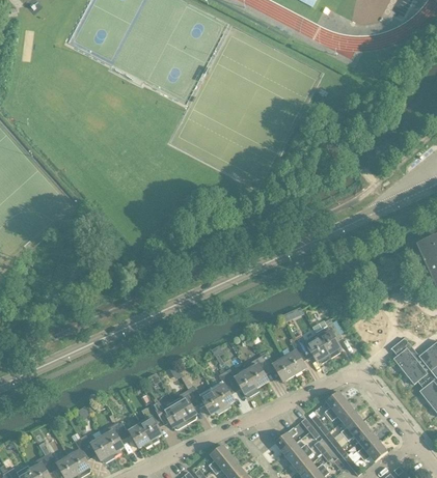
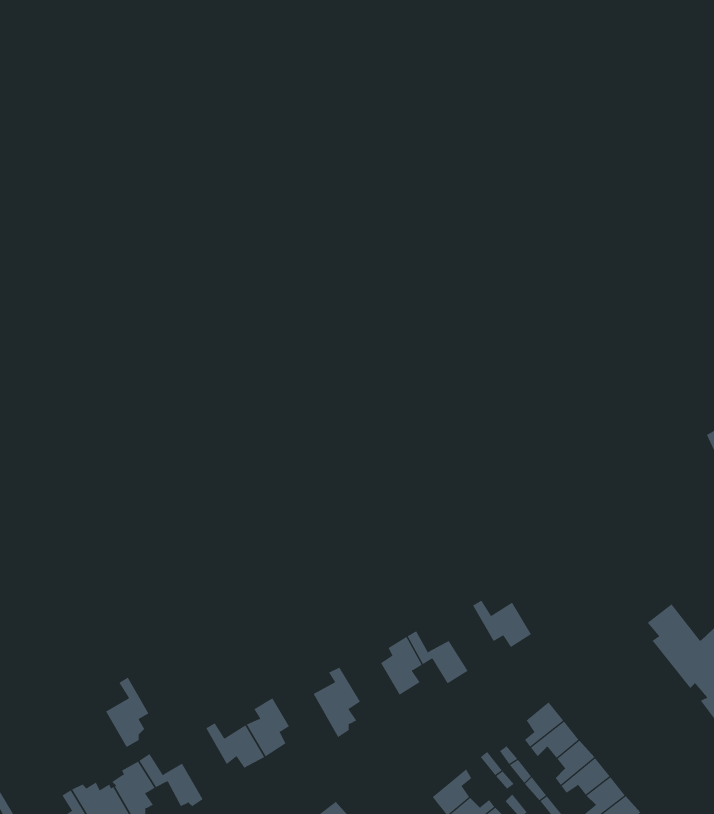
building: [318,318,343,355] -> none
building: [284,339,308,374] -> none
building: [225,369,257,395] -> none
building: [189,386,224,415] -> none
building: [140,405,164,444] -> [105,677,149,748]

